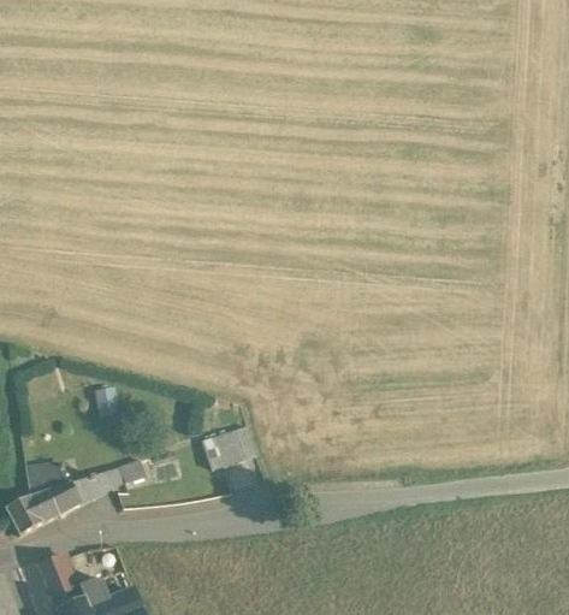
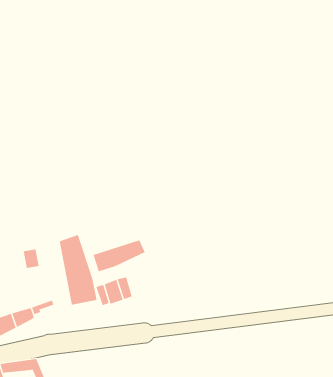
building: none -> [59,234,97,305]
building: none -> [93,240,146,272]

